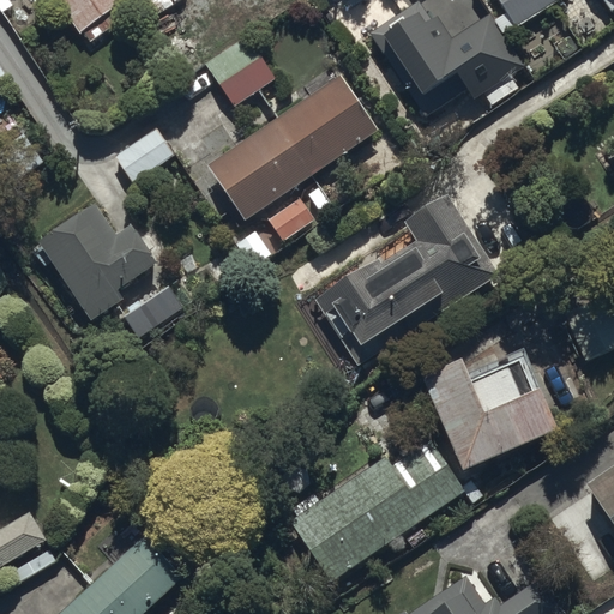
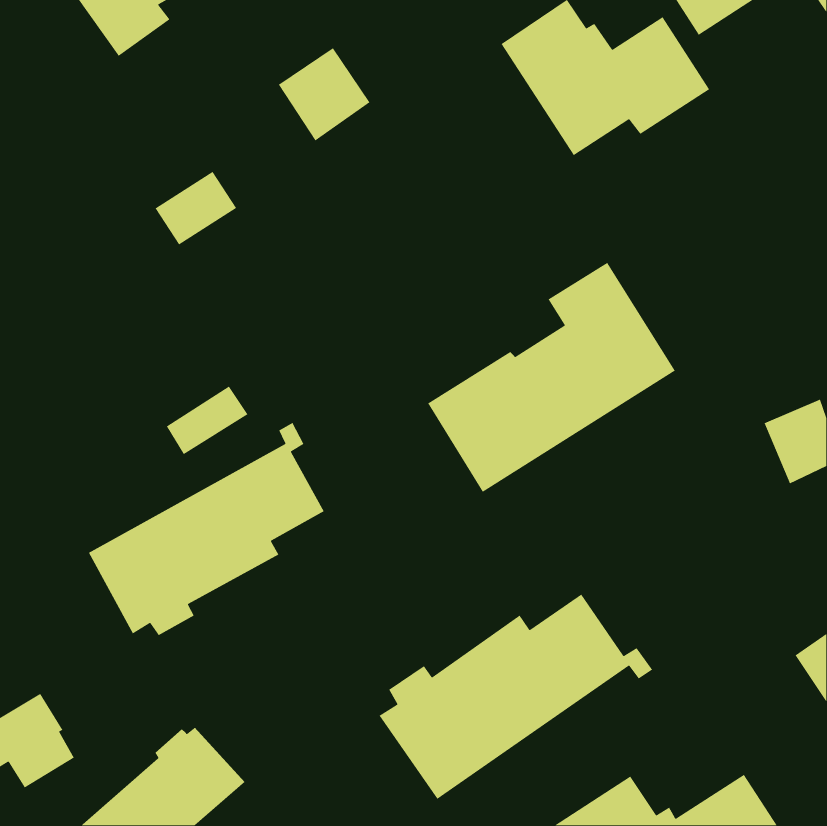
building: [207,74,378,240] -> none
building: [38,203,159,320] -> none
building: none -> [88,422,325,636]
building: [423,344,560,472] -> none

